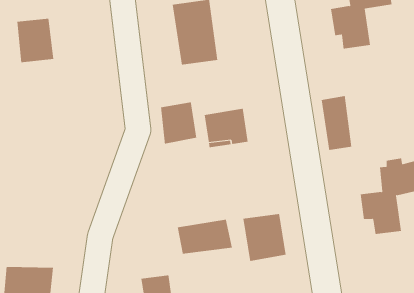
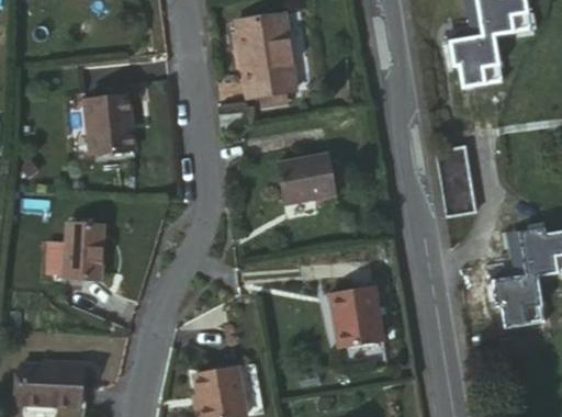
building: [16,18,54,63] -> [88,94,137,153]
building: [161,101,197,144] -> none
building: none -> [66,222,105,280]
building: [177,219,232,254] -> none

